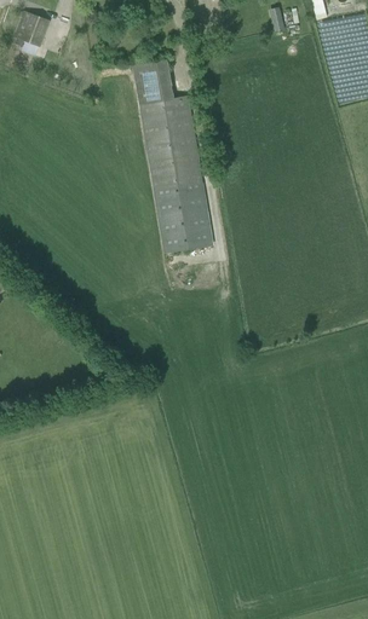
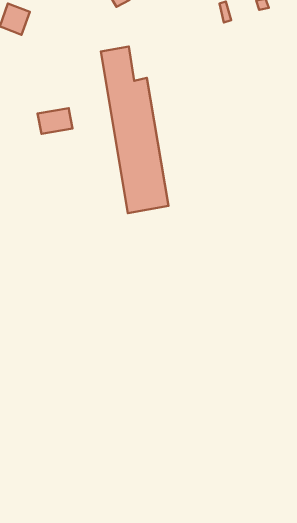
building: none -> [38,108,73,134]

